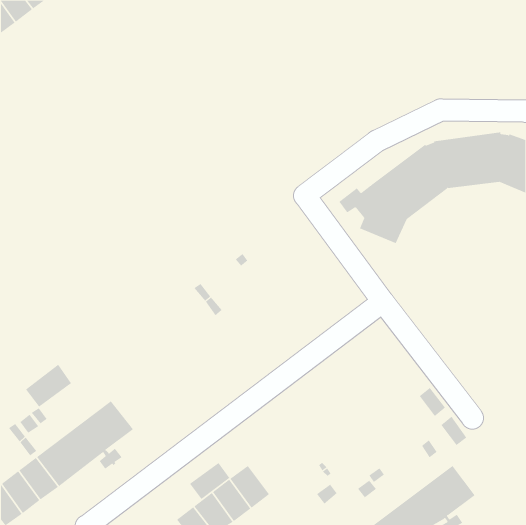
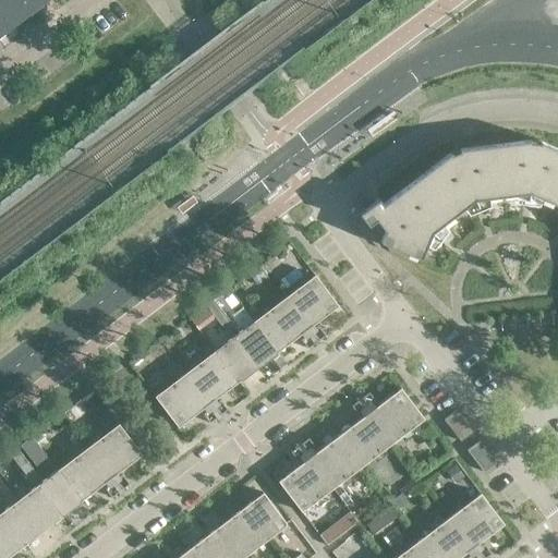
building: none -> [154,276,338,428]
building: [25,364,72,408] -> none
building: none -> [278,389,424,513]
building: [189,462,230,500] -> none

